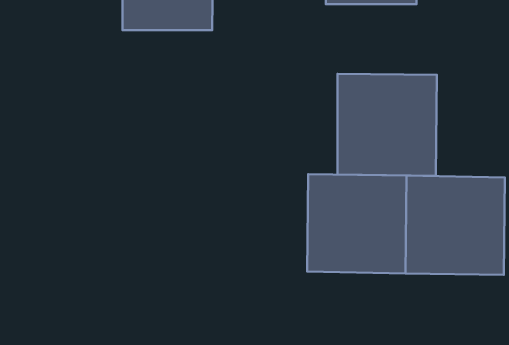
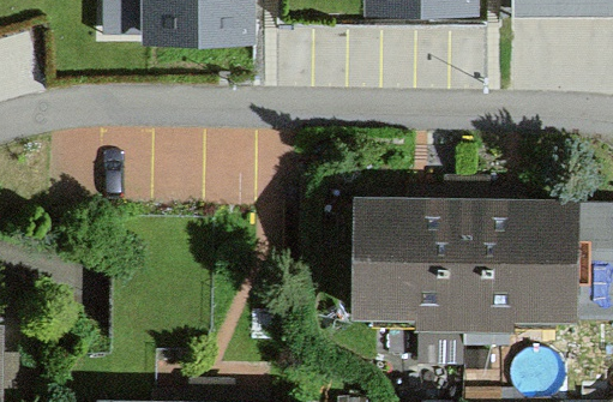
building: [337,74,437,176] -> none

